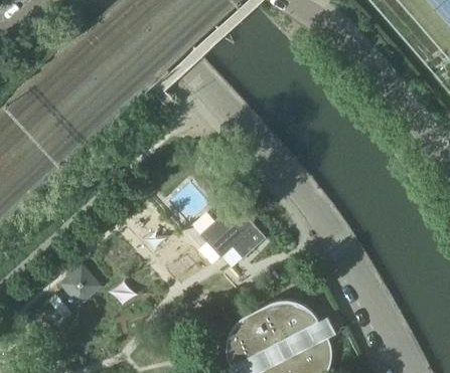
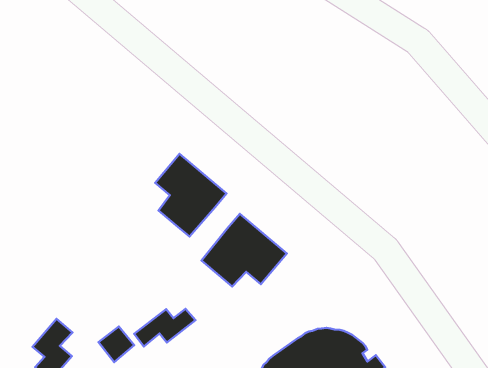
building: none -> [155,154,227,236]
building: none -> [134,309,195,347]

